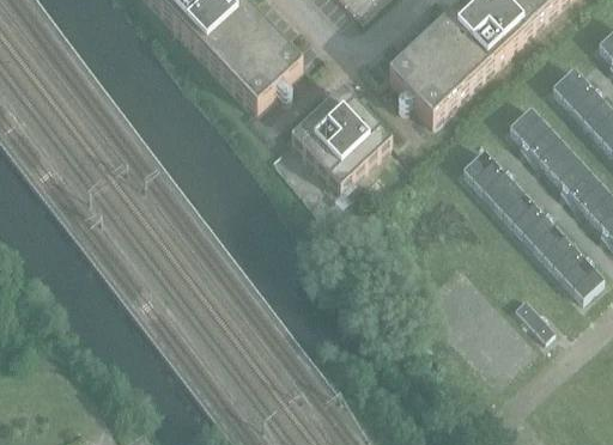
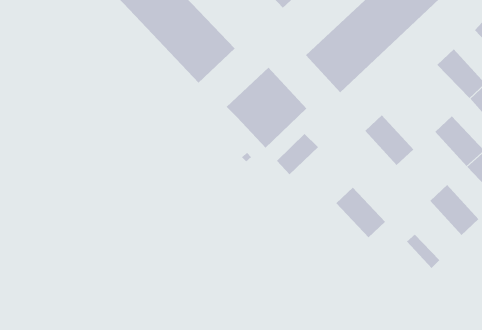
building: [505,103,568,166] -> none
building: none -> [276,133,319,175]
building: [499,188,562,251] -> [335,187,386,238]

